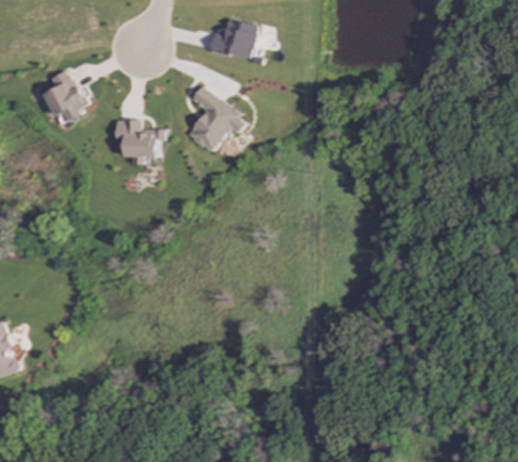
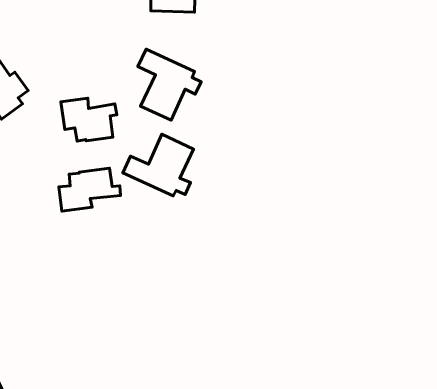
building: none -> [123,134,194,196]
building: none -> [59,168,121,211]

